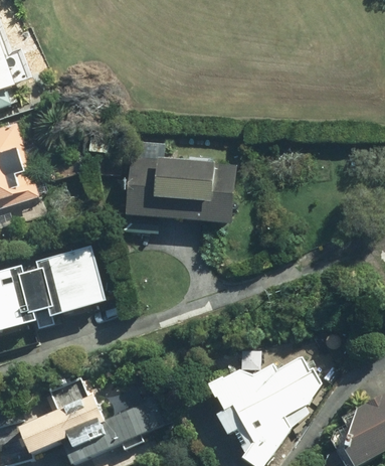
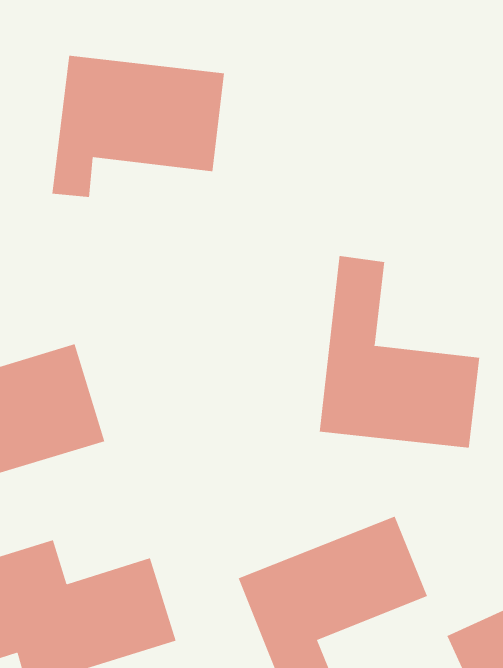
building: [129,154,233,243] -> [51,55,225,197]
building: none -> [319,255,480,449]

